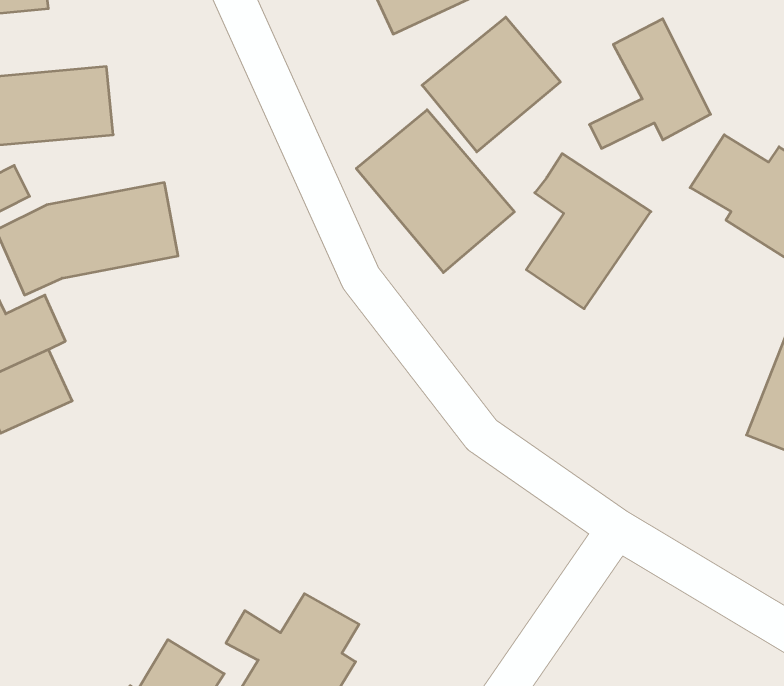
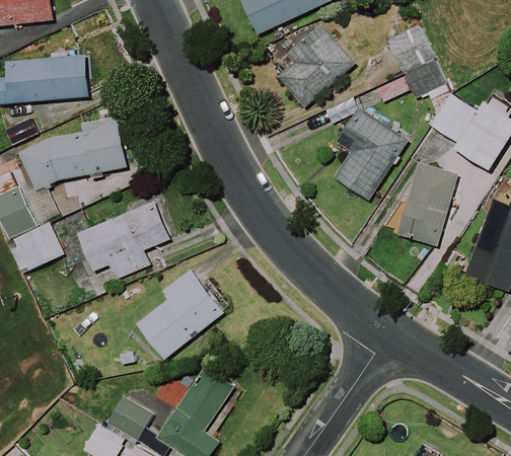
building: [356,110,514,273] -> none
building: none -> [394,161,458,246]
building: none -> [76,202,169,279]
building: none -> [137,269,224,359]

